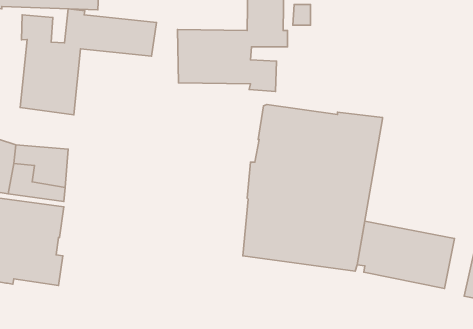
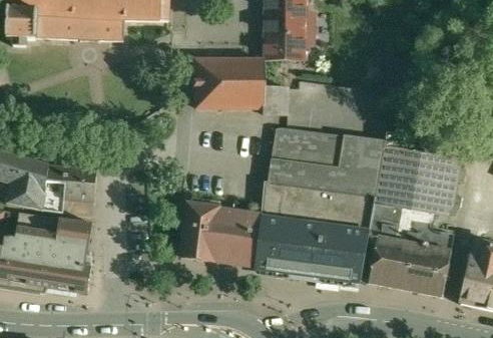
building: [20,9,157,115] -> none
building: none -> [369,138,456,250]
building: none -> [181,199,262,266]

